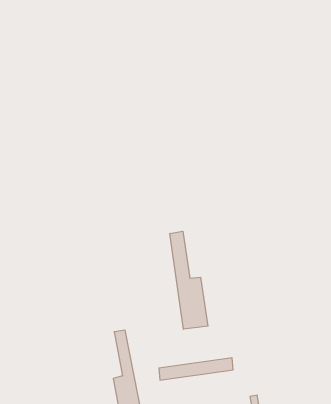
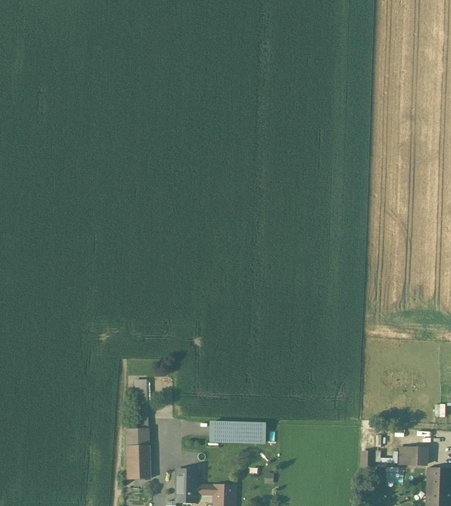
building: [170,231,208,329] -> none

